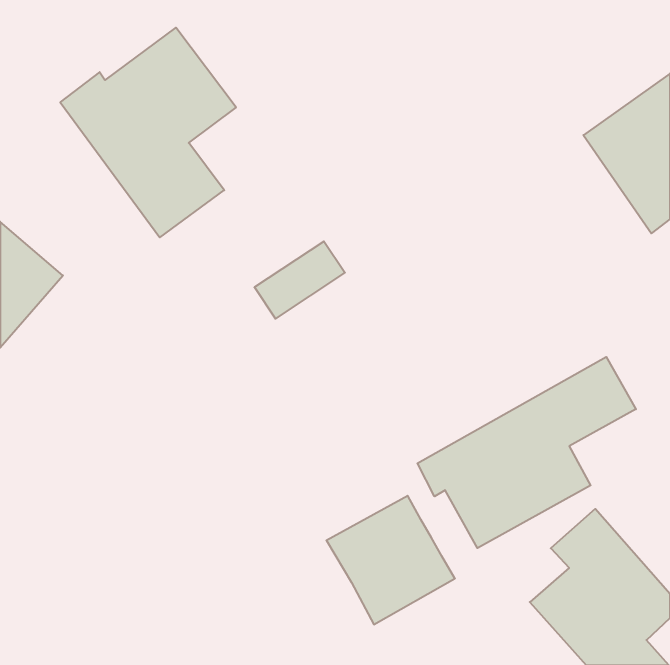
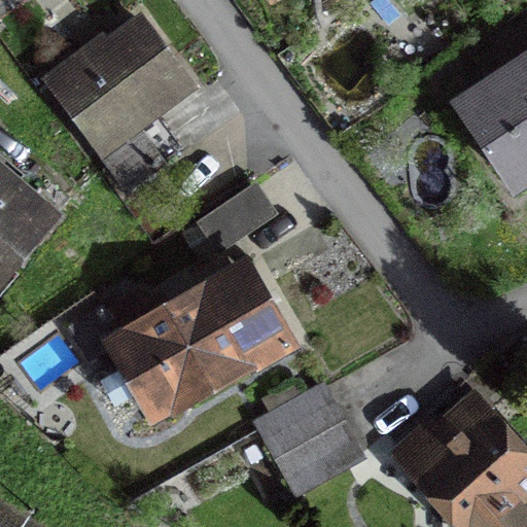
building: none -> [68,266,290,415]
building: [417,357,636,548] -> none

